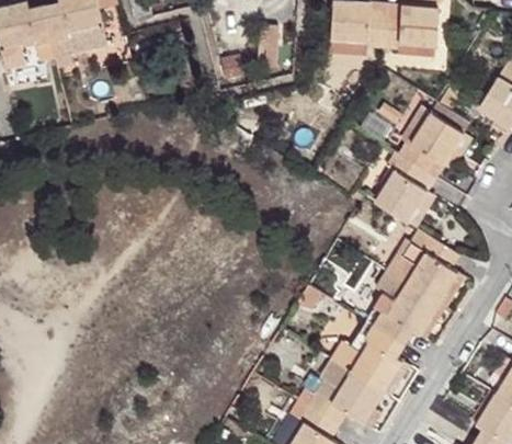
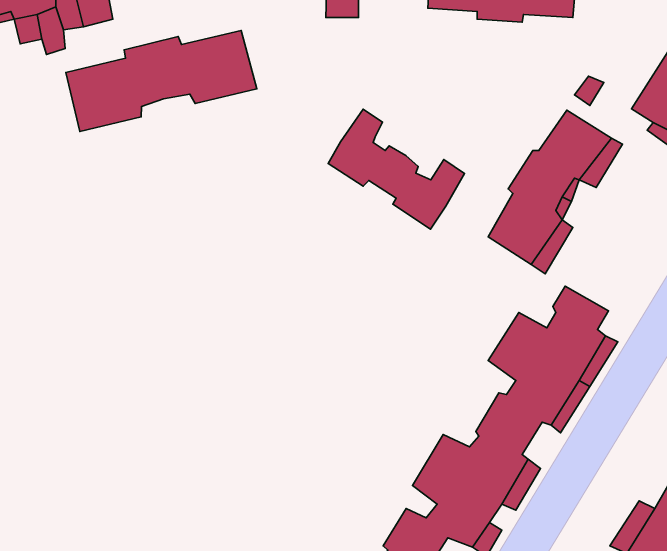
building: none -> [66,30,257,132]
building: none -> [328,109,465,229]

